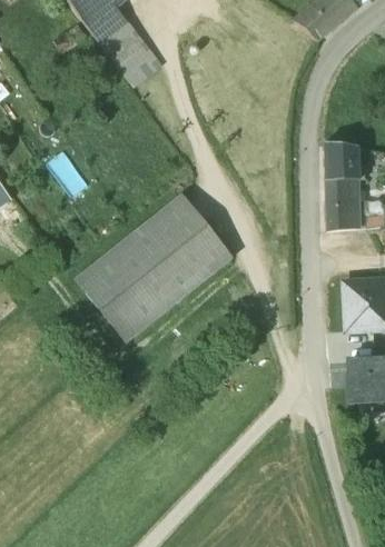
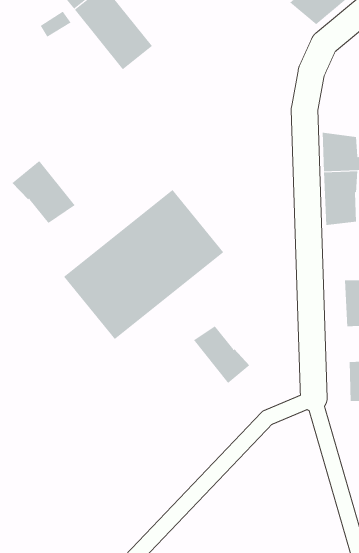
building: none -> [11,160,75,224]
building: none -> [193,325,250,384]

